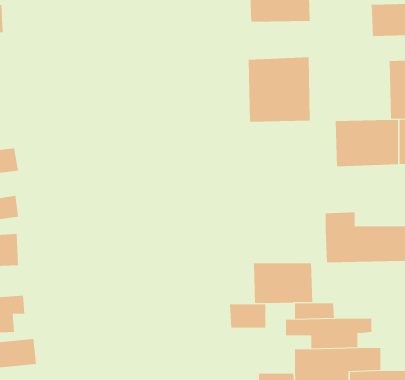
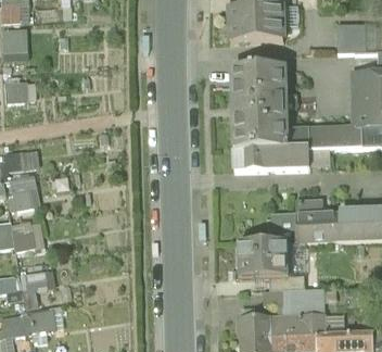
building: none -> [234,125,308,165]
building: none -> [275,217,300,246]
building: [229,304,266,328] -> [241,318,272,339]

